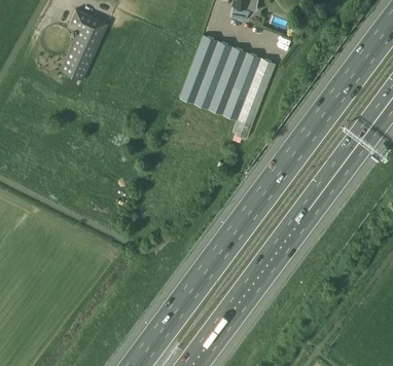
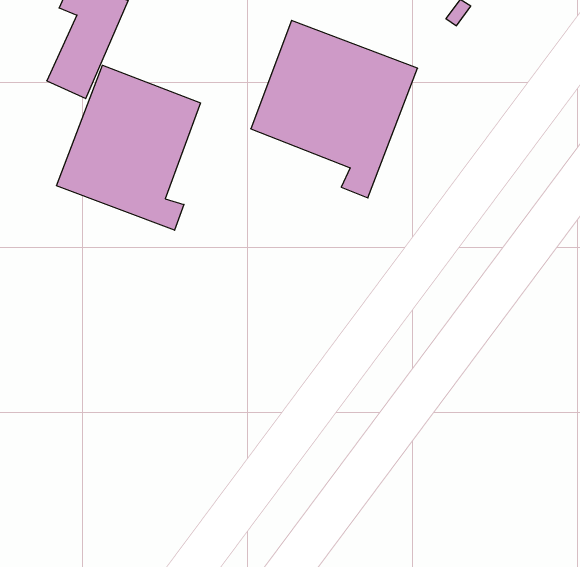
building: none -> [57,65,201,230]

